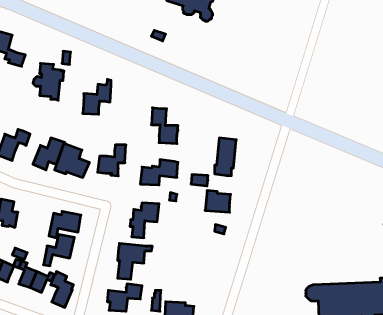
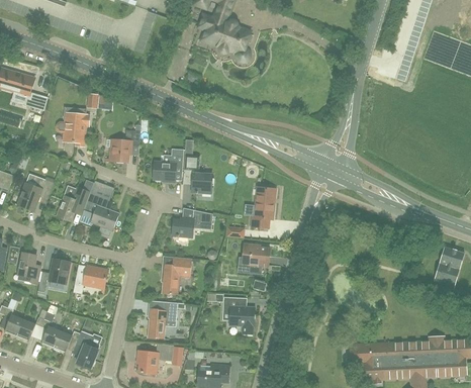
building: [98,145,126,176] -> [152,149,182,182]
building: [43,235,74,266] -> [36,258,70,291]
building: none -> [221,295,253,333]

